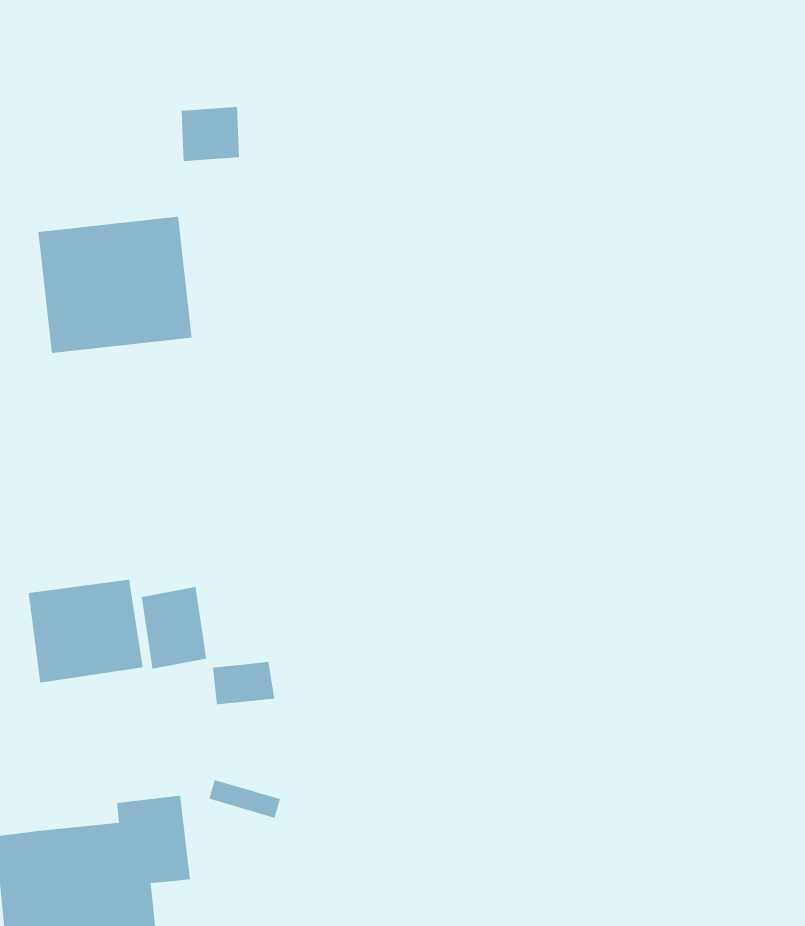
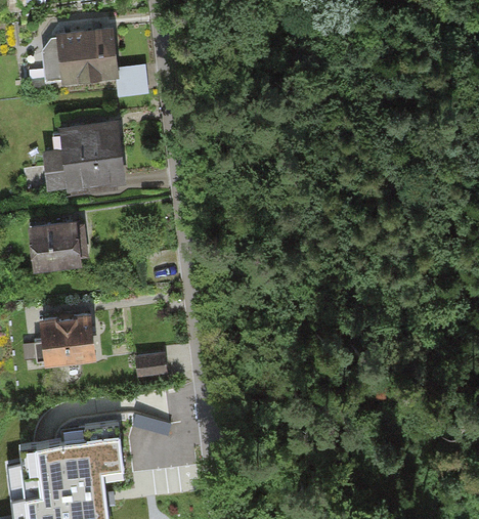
building: none -> [40,30,116,84]
building: none -> [28,222,85,274]
building: [141,586,207,669] -> none

